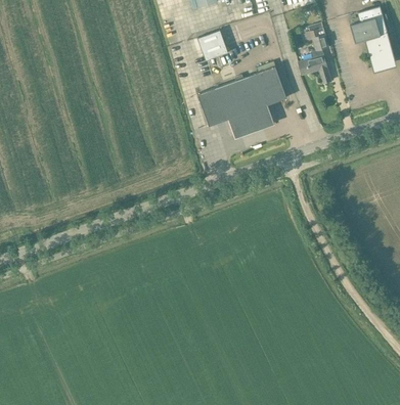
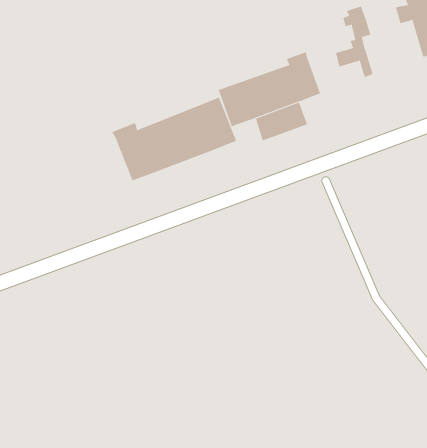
building: [197,31,228,62] -> none
building: none -> [112,97,237,181]

